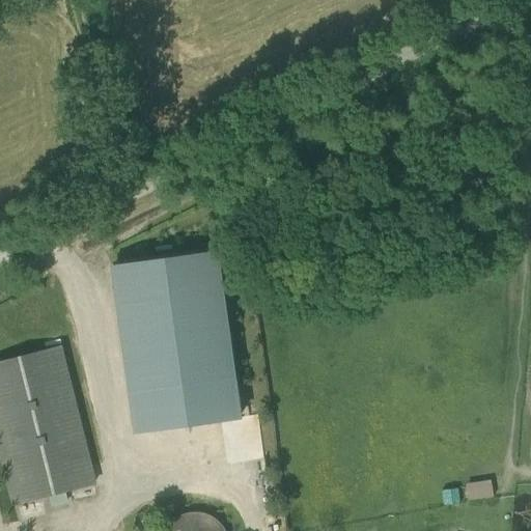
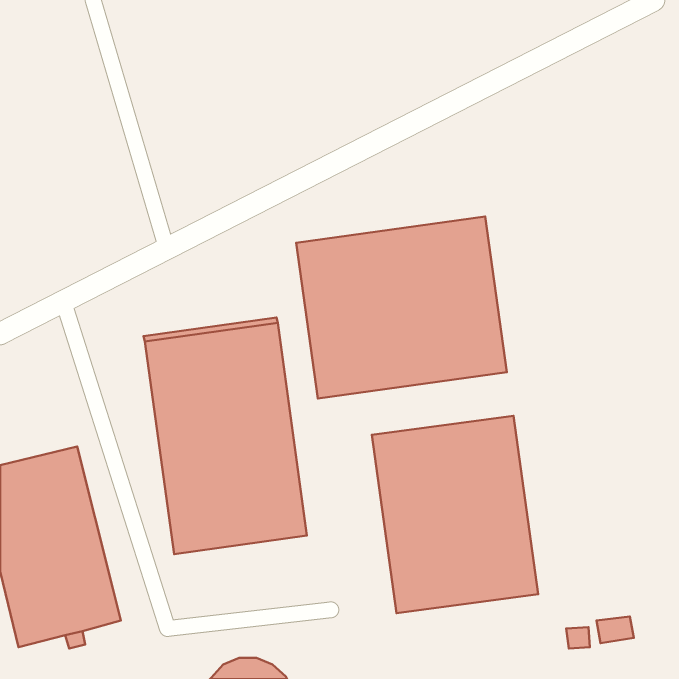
building: none -> [296,216,507,399]
building: none -> [372,416,538,613]

